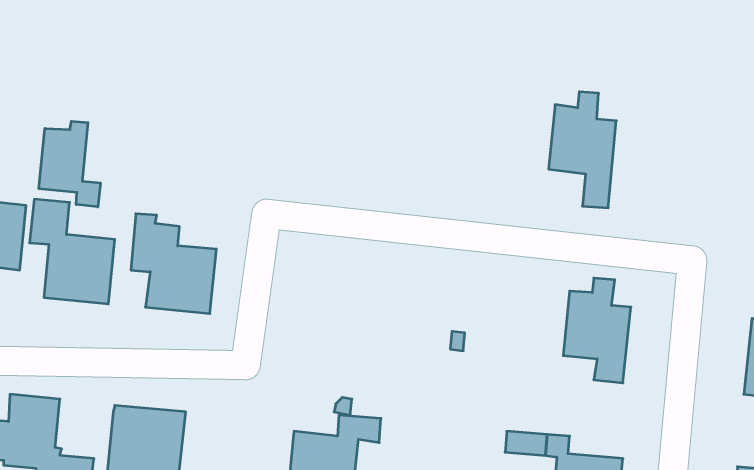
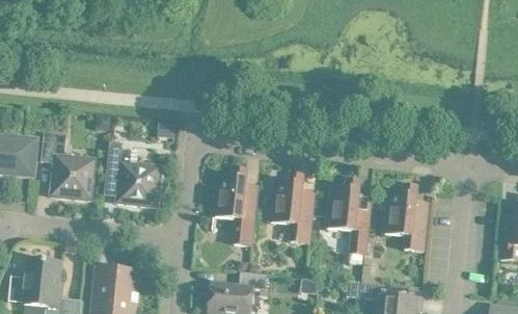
building: [549,92,616,208] -> [327,177,371,252]
building: [39,121,100,207] -> none
building: none -> [213,165,257,244]
building: none -> [270,172,313,242]

